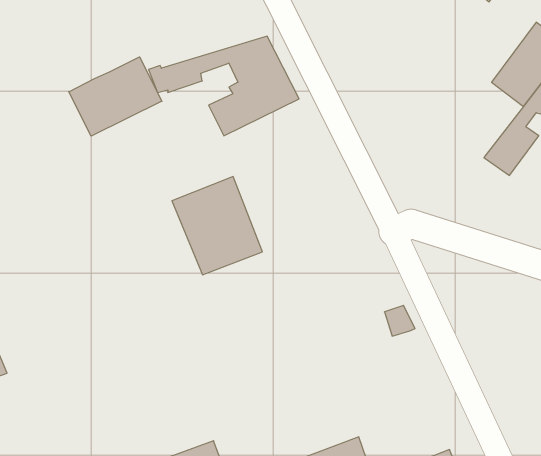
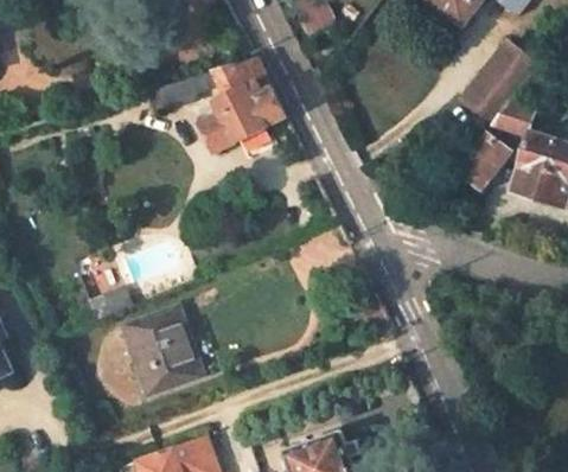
building: [69,57,162,136] -> none
building: [172,177,262,275] -> [121,306,205,397]

